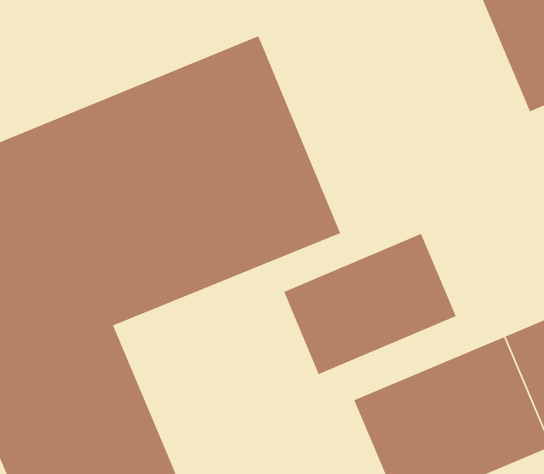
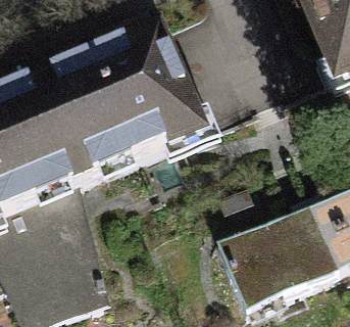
building: [283,233,457,375] -> none

